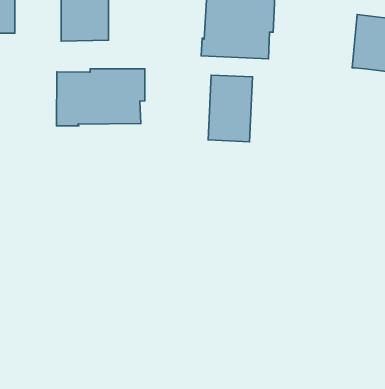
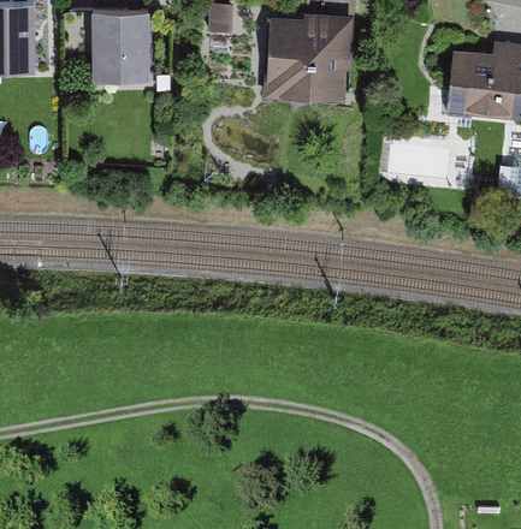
building: [57,69,145,126] -> none
building: [208,75,252,142] -> none

